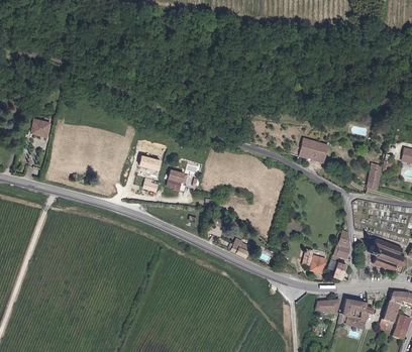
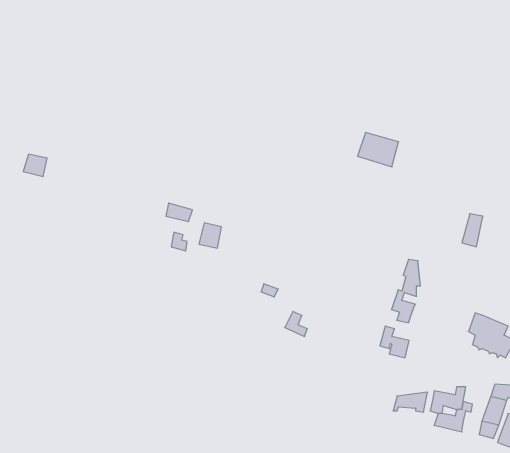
building: [295,137,326,163] -> [358,133,399,167]
building: [328,231,350,279] -> [391,259,420,323]

